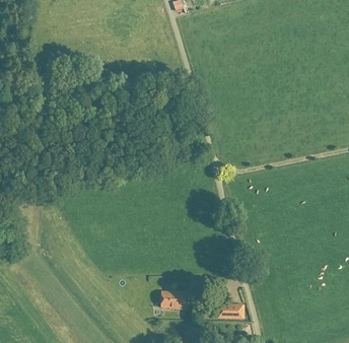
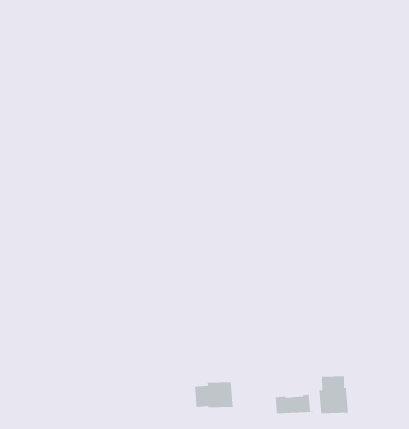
building: none -> [318,376,349,414]

